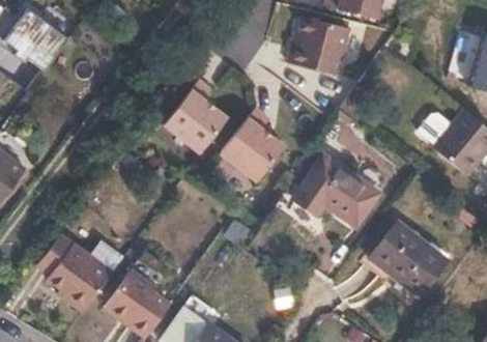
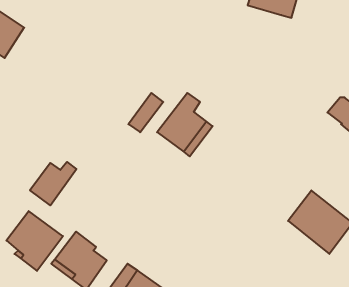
building: [287,18,349,77] -> none
building: [164,82,214,145] -> none
building: [298,154,382,225] -> none
building: none -> [30,162,76,205]

